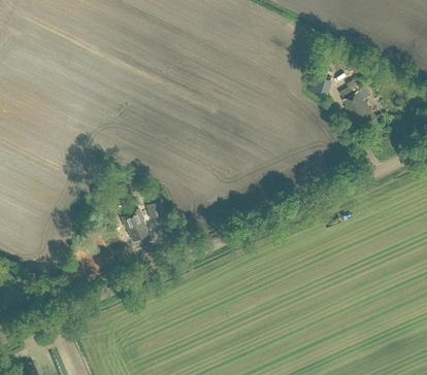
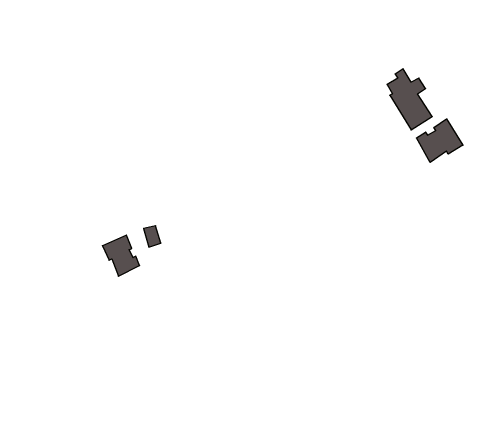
building: none -> [416,119,463,162]

